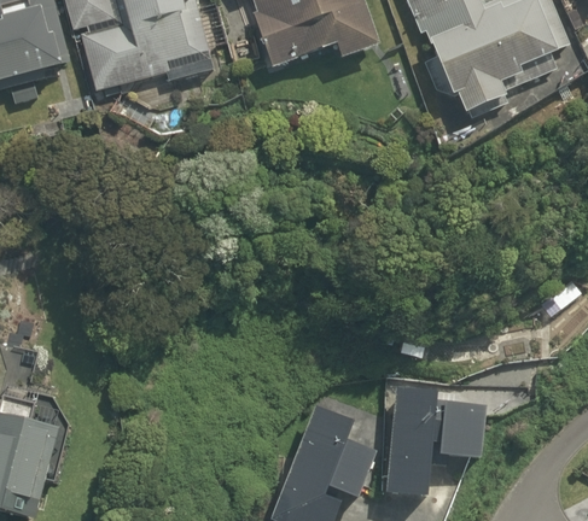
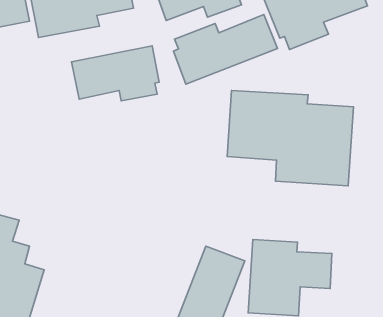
building: none -> [173,15,277,84]
building: none -> [72,46,159,101]
building: none -> [227,91,353,186]

